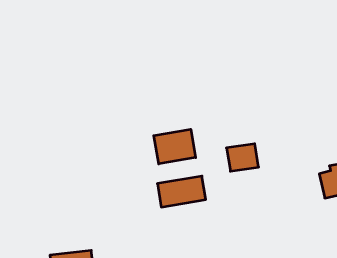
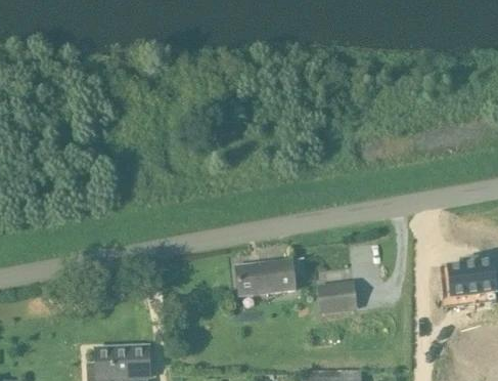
building: [154,129,196,164] -> none
building: [226,144,259,171] -> [317,281,356,313]

